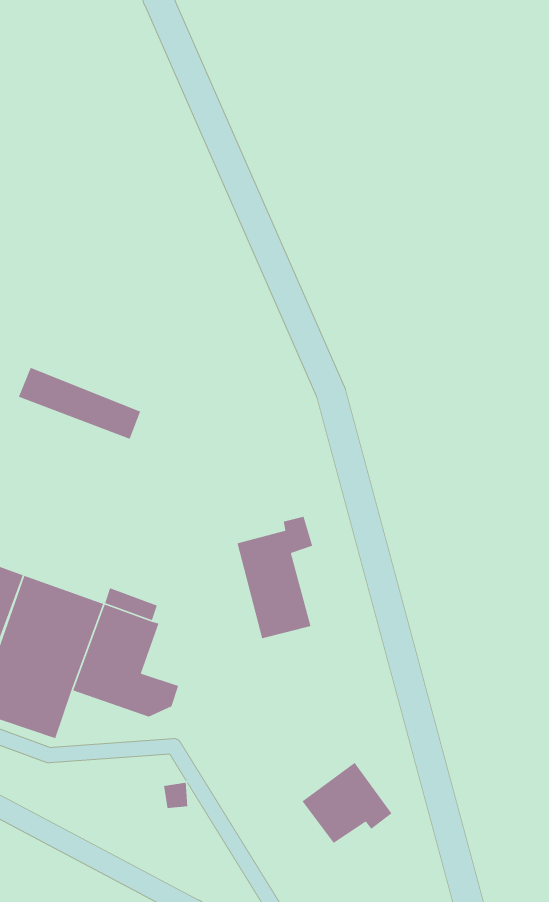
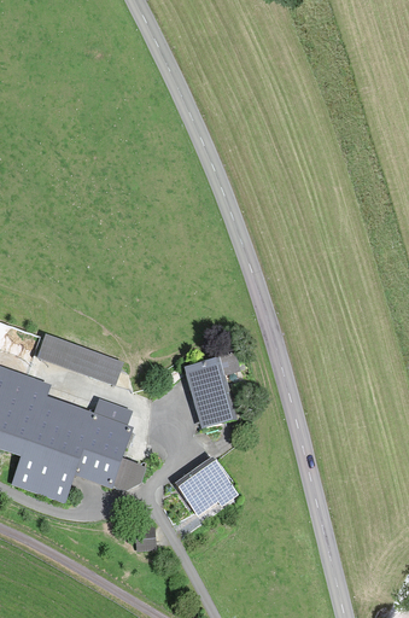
building: [18,367,141,440] -> [39,334,122,384]
building: [301,762,392,844] -> [175,461,236,517]

